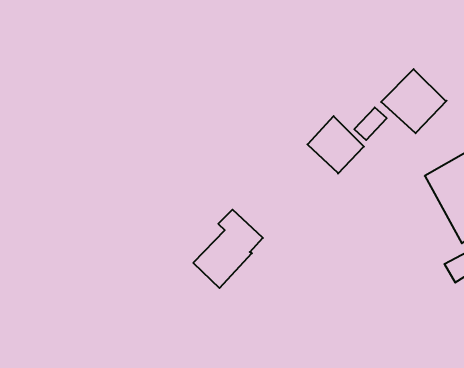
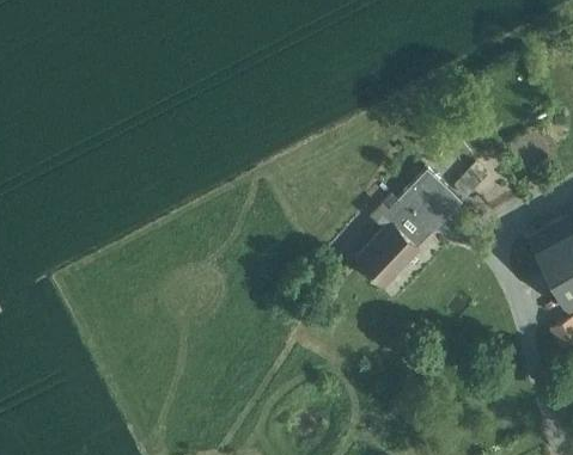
building: [381,69,447,133] -> none
building: [193,210,263,288] -> [355,203,432,289]

